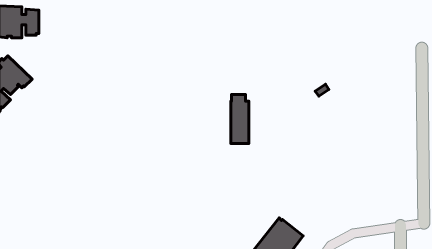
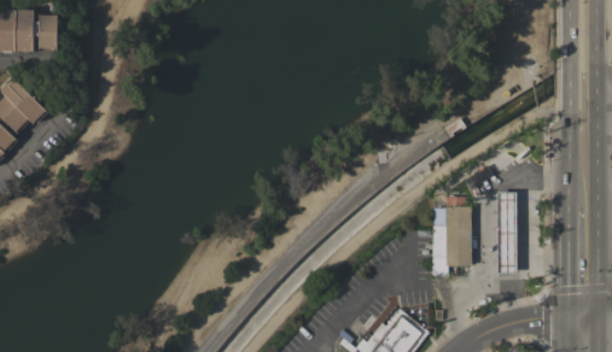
building: [231,94,249,143] -> [445,196,471,265]
building: none -> [497,193,517,272]

